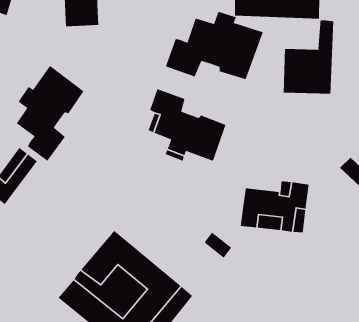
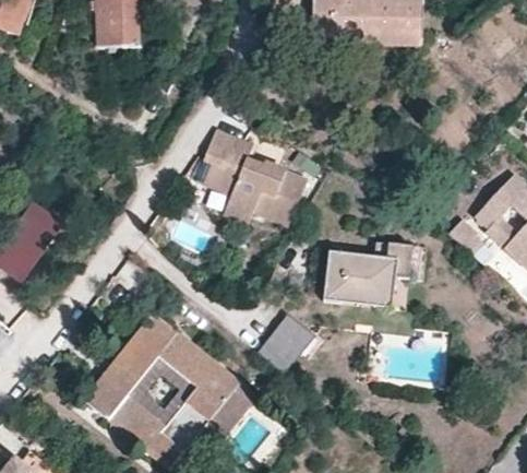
building: [165,11,264,80] -> none
building: [283,19,334,94] -> none
building: [16,65,85,162] -> none
building: none -> [256,327,300,370]

